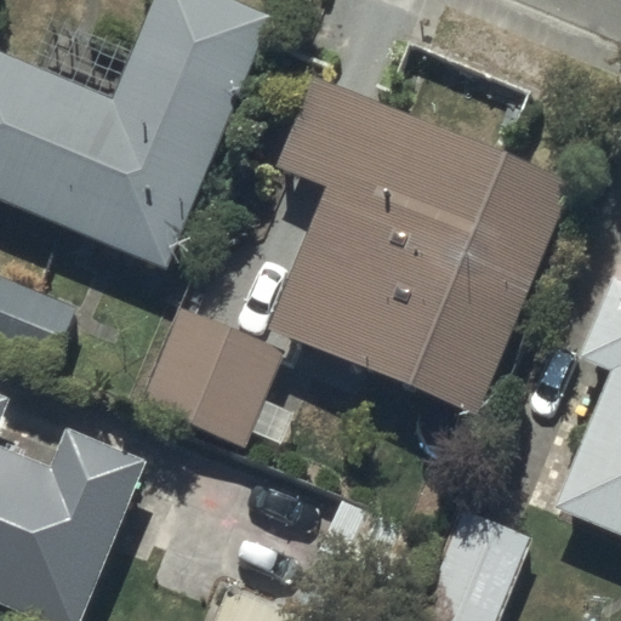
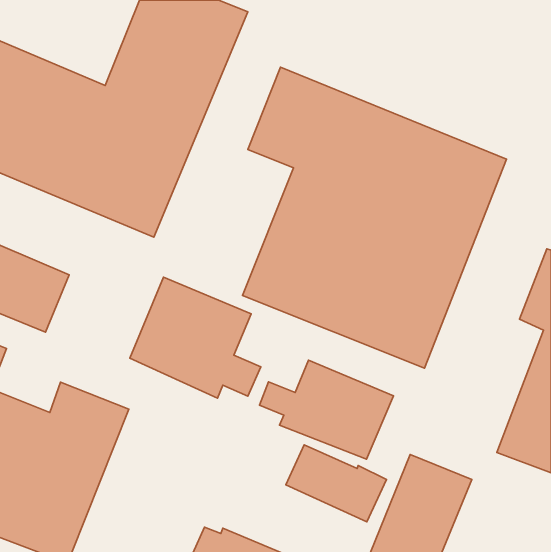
building: none -> [259,360,393,459]

